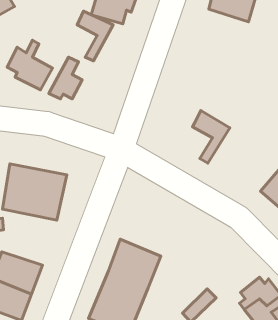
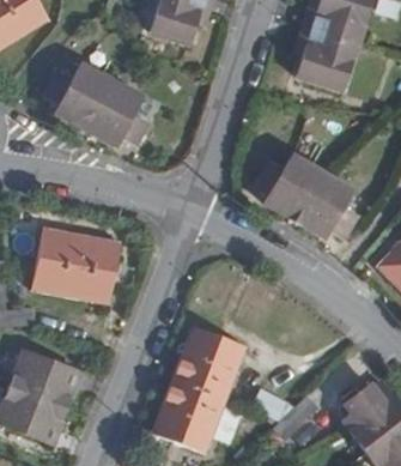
building: none -> [296,25,359,92]
building: [77,11,113,61] -> [73,71,121,137]
building: none -> [259,168,311,223]
building: none -> [305,182,358,242]

